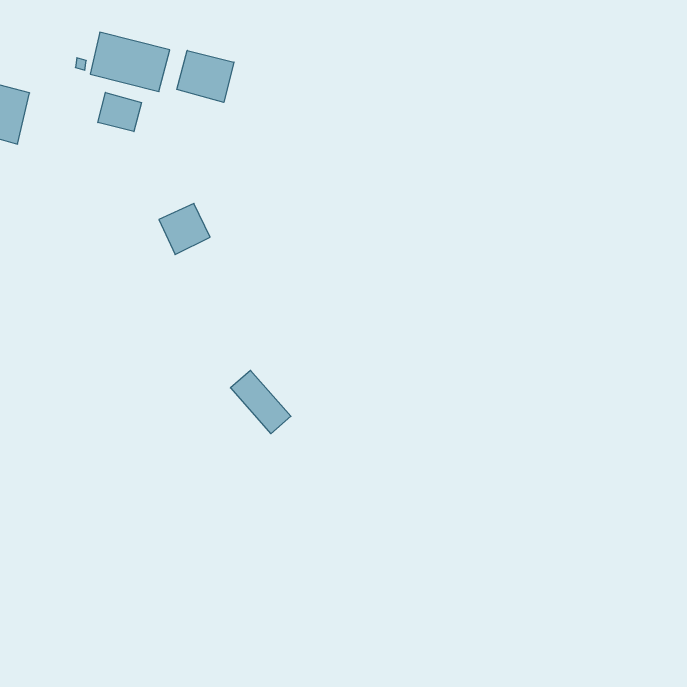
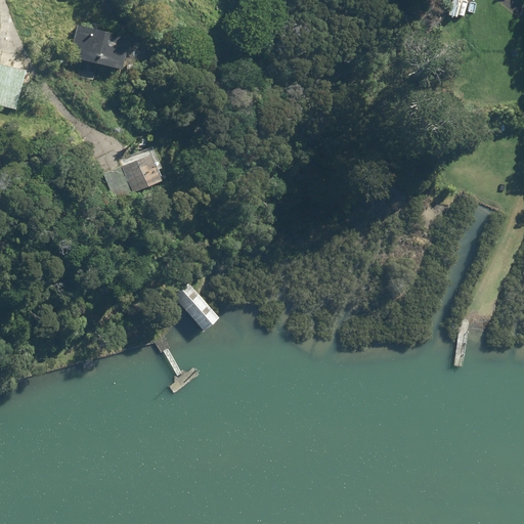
building: [177,50,234,102] -> none
building: [98,92,142,132] -> none

